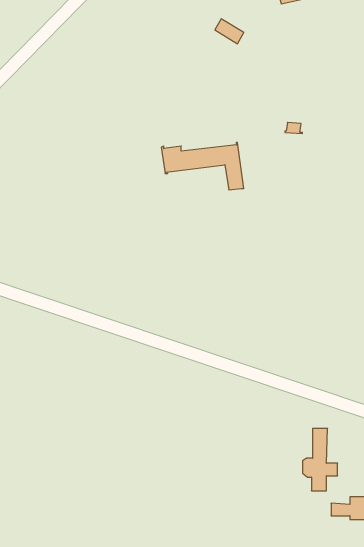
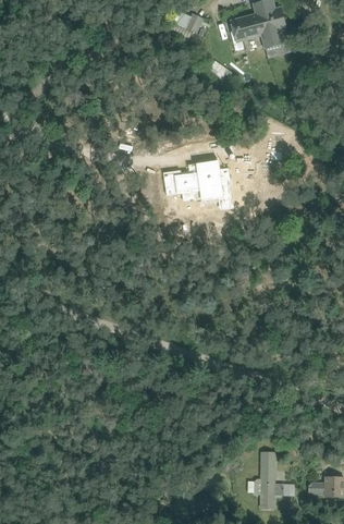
building: [303,428,338,491] -> [253,453,283,508]

